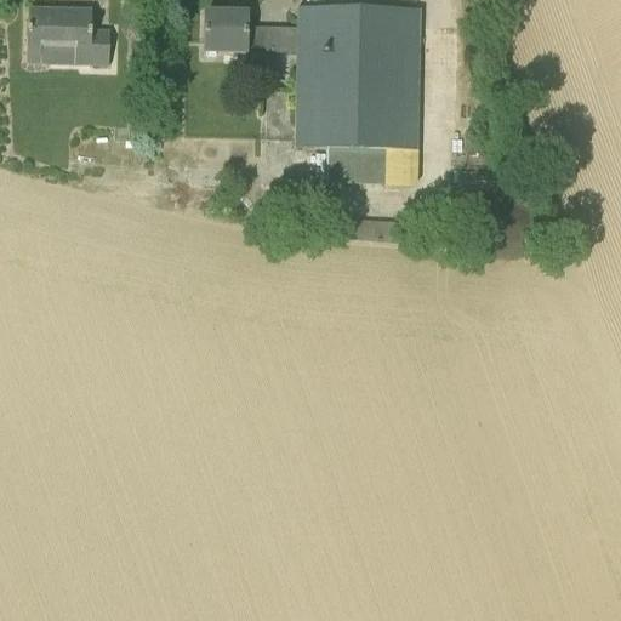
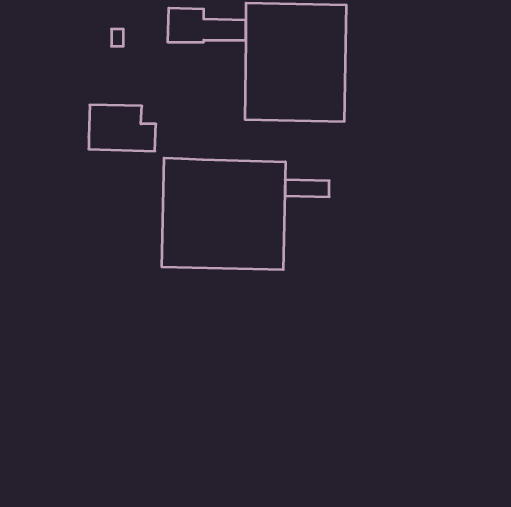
building: [29,6,110,62] -> [89,105,156,151]
building: none -> [162,158,285,270]

